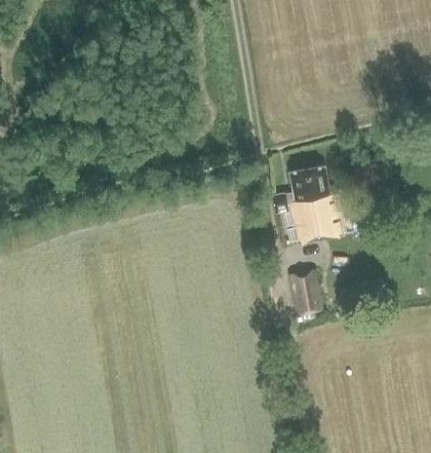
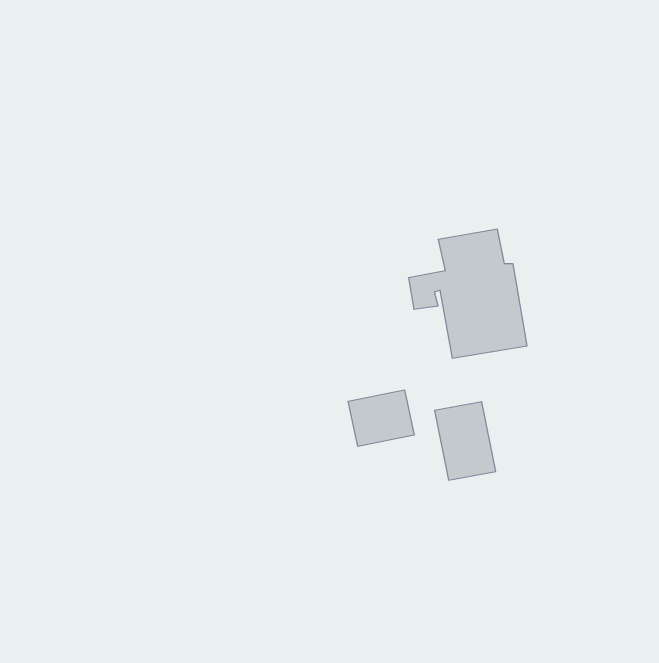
building: none -> [348,390,414,446]

